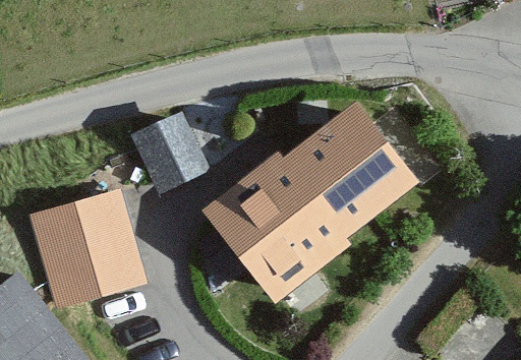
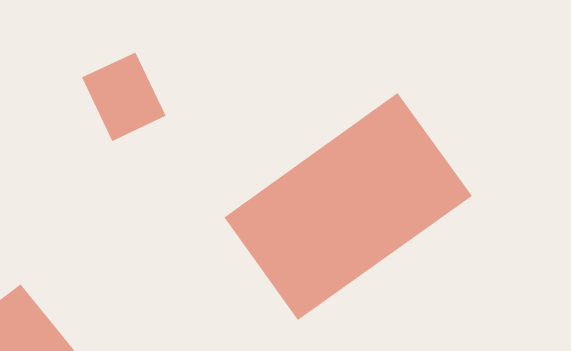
building: [132,111,209,191] -> [81,52,167,142]
building: [31,188,151,315] -> none

